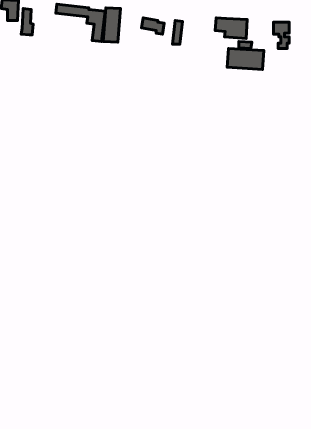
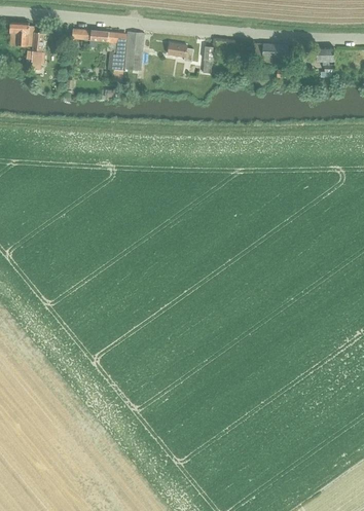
building: [227,49,264,69] -> none

